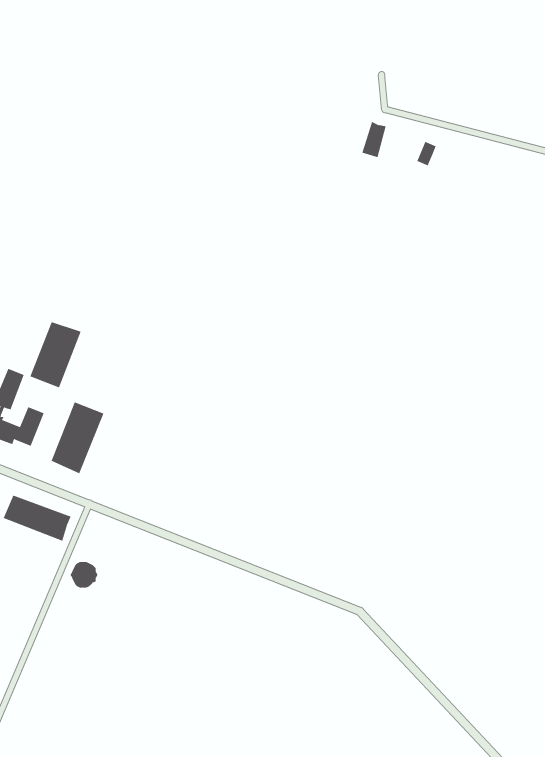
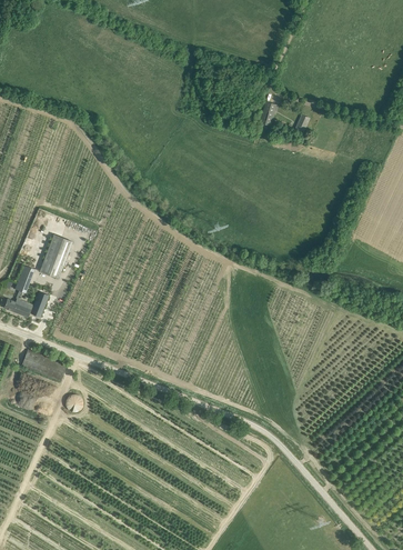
building: [51,401,104,474] -> none

